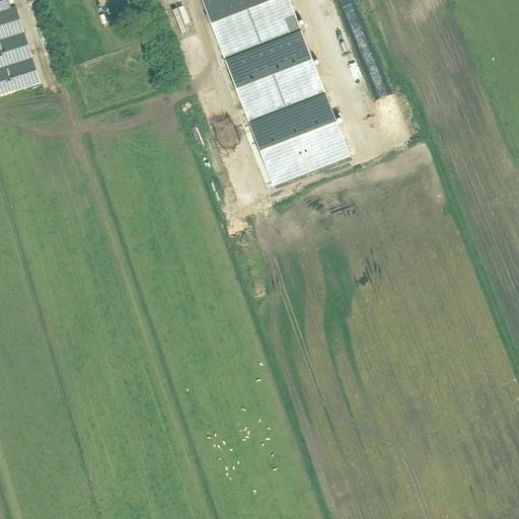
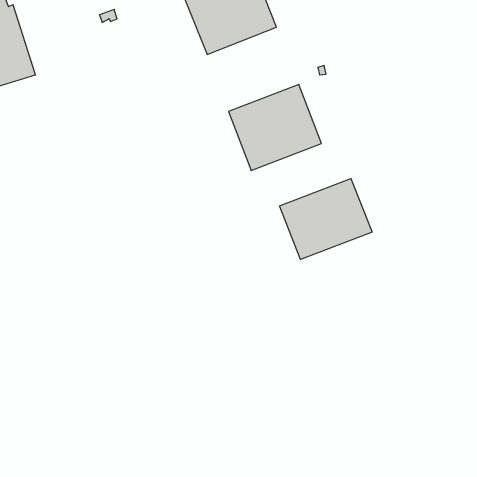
building: [224,30,322,119] -> none
building: none -> [280,178,372,260]

